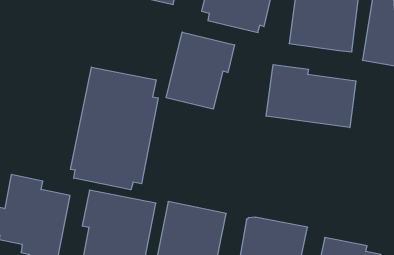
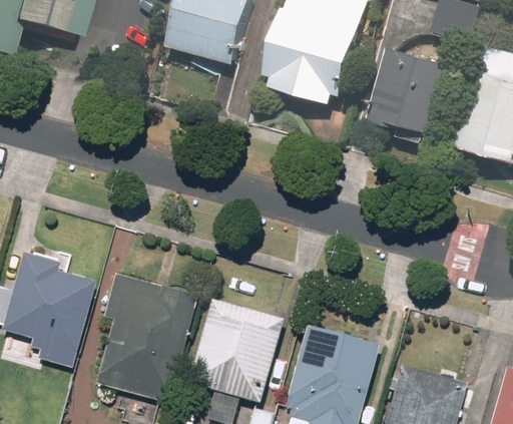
building: [166,32,235,109] -> none
building: [266,65,356,128] -> none
building: [70,67,158,190] -> none

